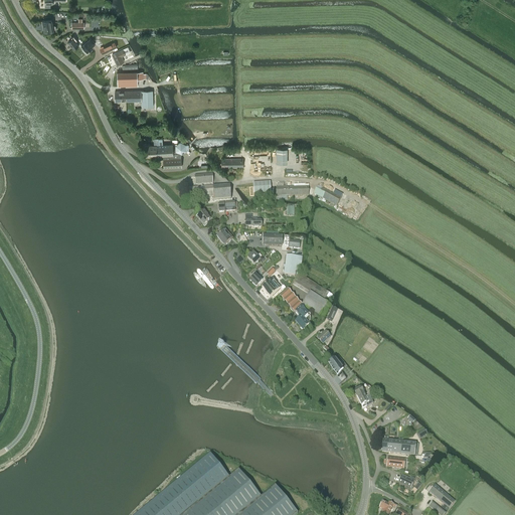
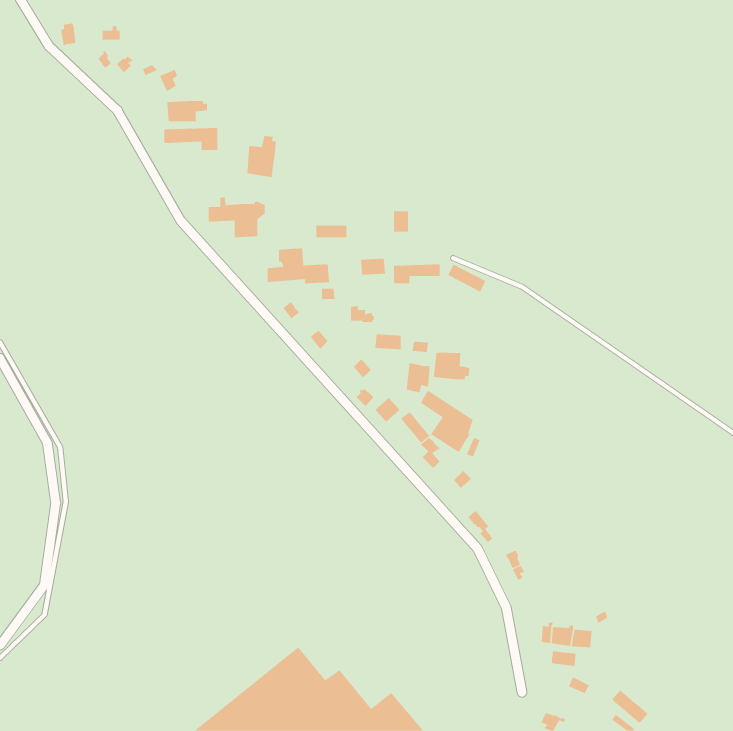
building: none -> [247,135,276,178]
building: none -> [433,352,470,380]

